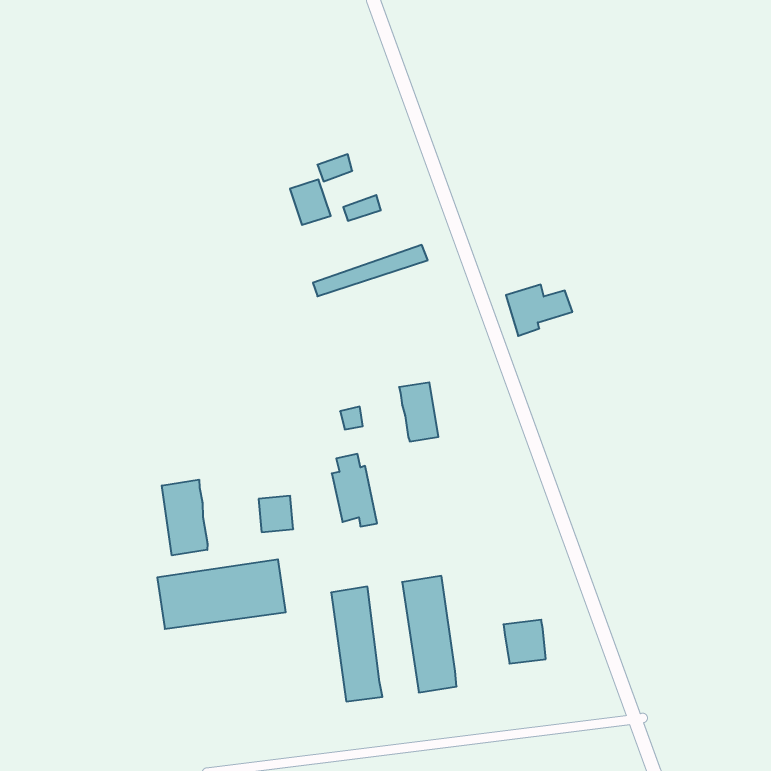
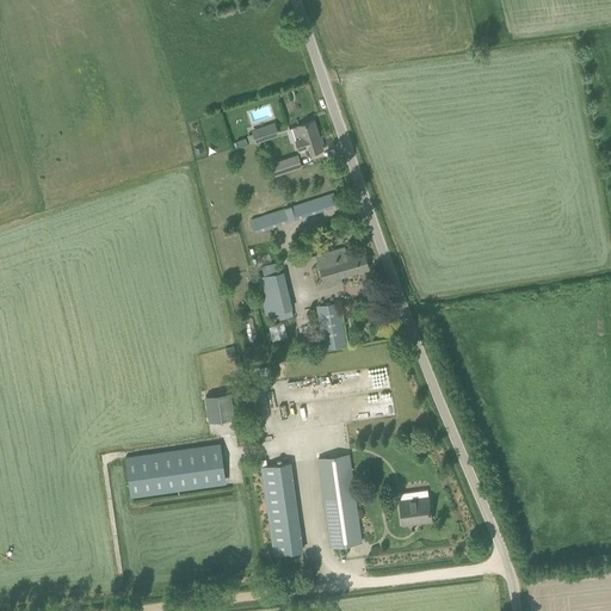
building: [290,180,331,225] -> [291,122,323,158]
building: [506,285,572,336] -> [317,248,370,289]
building: [332,454,377,526] -> [258,263,294,320]
building: [162,480,207,555] -> none

